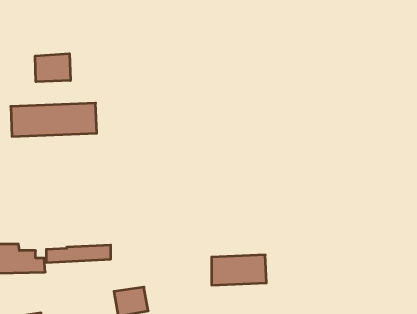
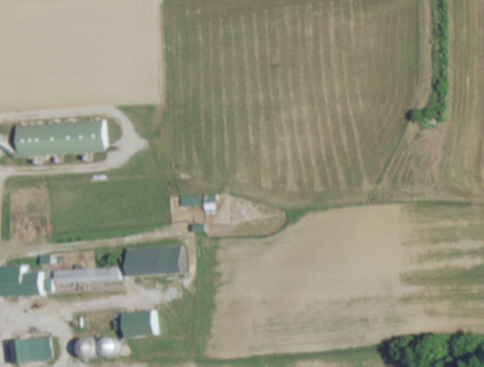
building: [35,54,70,82] -> none
building: [212,255,266,285] -> [125,245,181,276]

